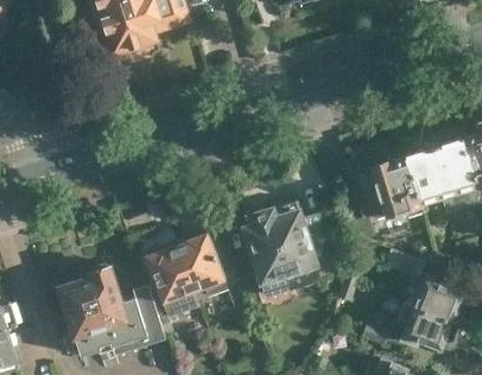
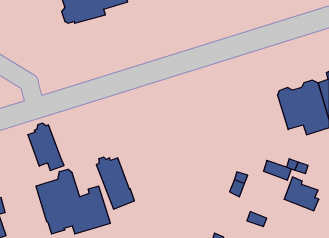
building: [367,151,423,218] -> none
building: [242,202,331,292] -> none
building: [175,229,227,297] -> [28,123,64,170]
building: [397,301,456,349] -> none

